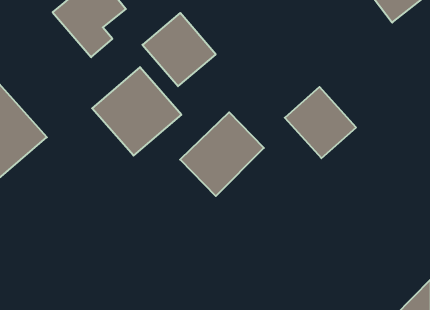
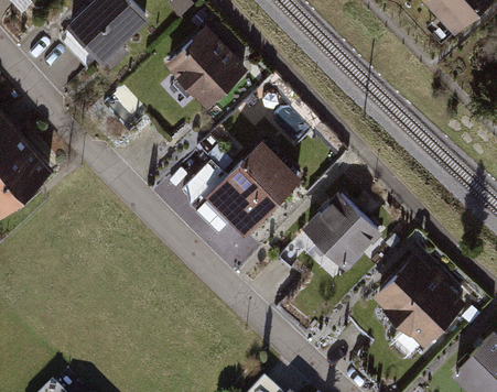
building: [92,67,181,156] -> none
building: [285,87,356,158] -> [304,187,386,269]
building: none -> [372,252,468,348]

